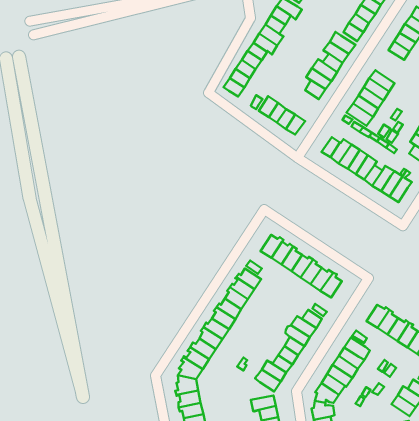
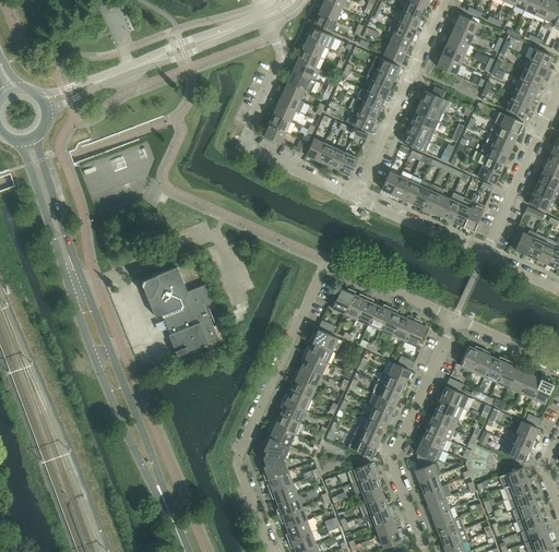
building: none -> [141,266,218,356]

